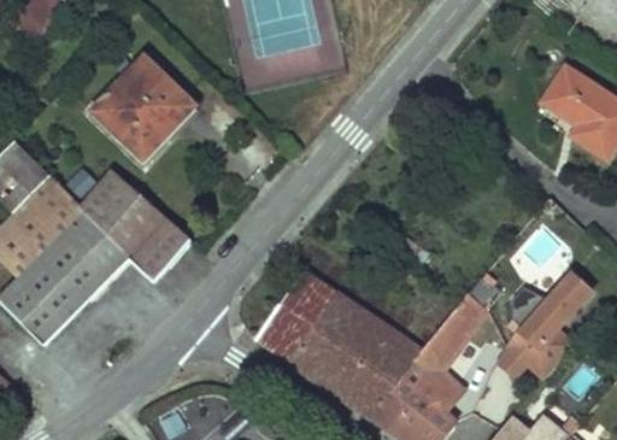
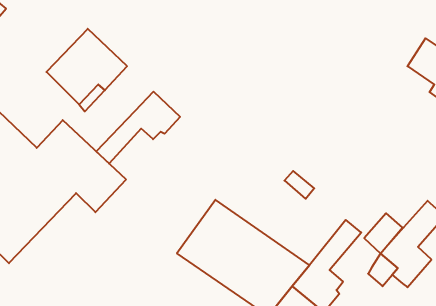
building: none -> [96,92,180,164]

